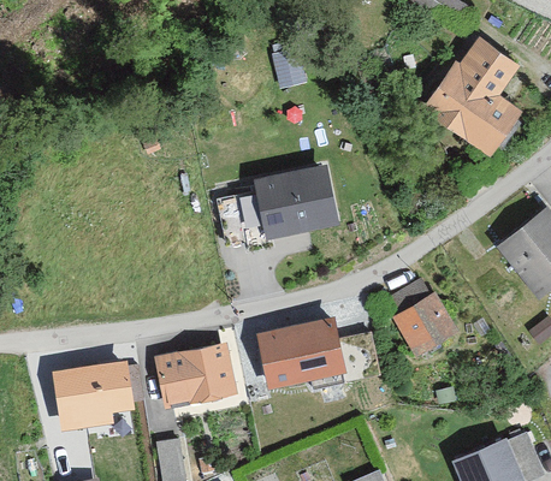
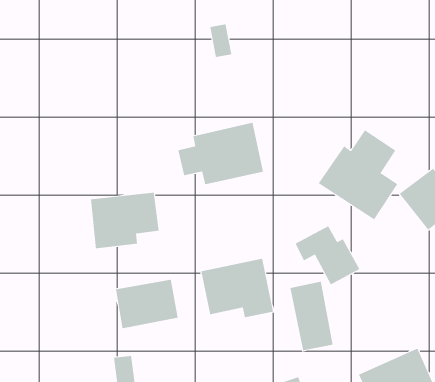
building: [423,41,521,150] -> [318,130,398,220]
building: none -> [290,281,333,351]
building: [54,363,138,432] -> [90,192,160,249]

